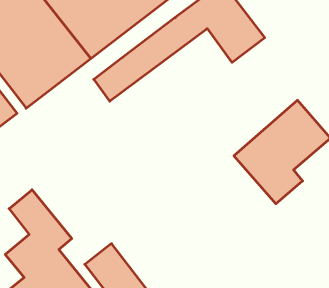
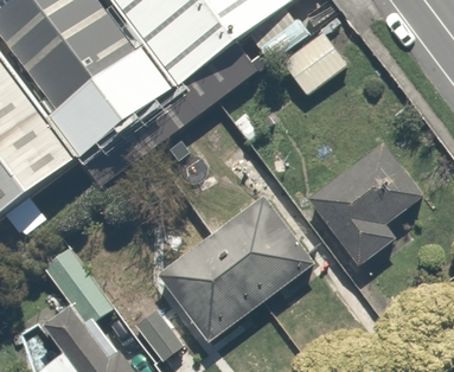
building: none -> [156,199,312,344]

